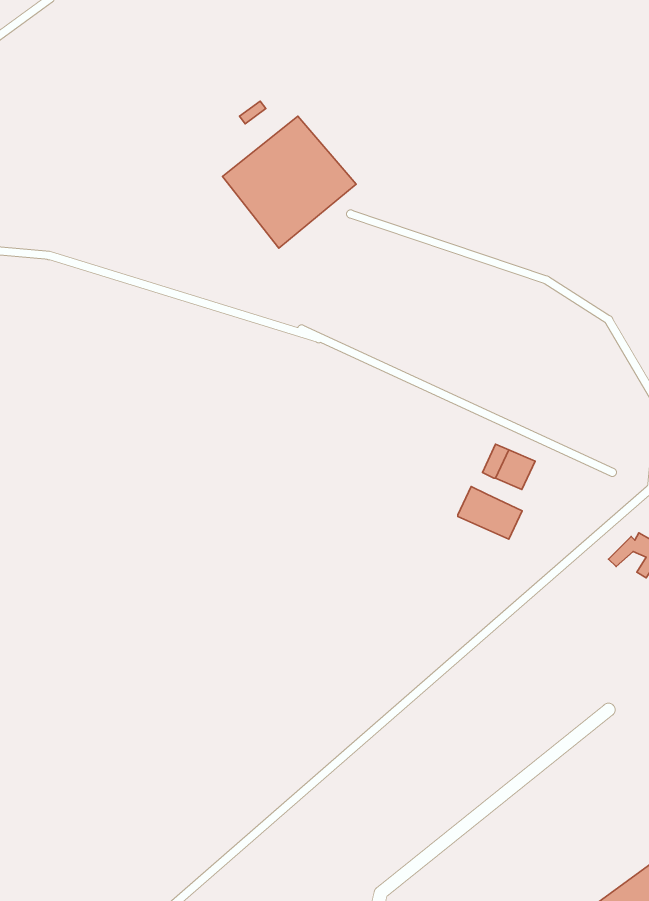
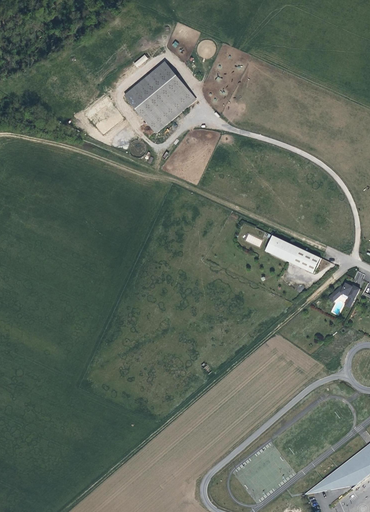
building: [458,486,522,539] -> [283,245,317,273]

